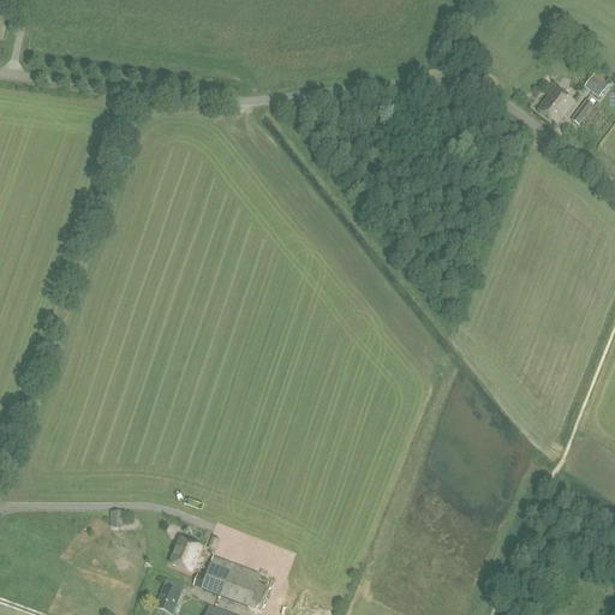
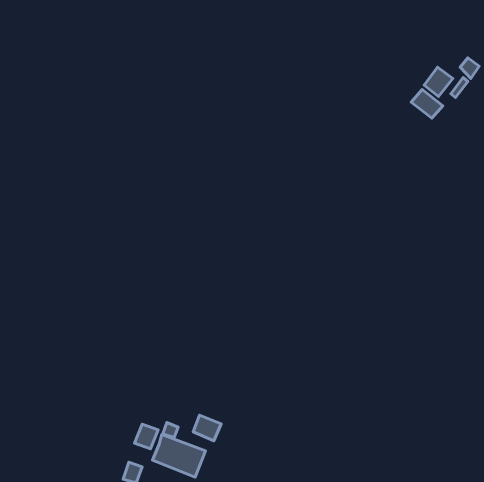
building: none -> [411,90,443,118]
building: none -> [193,415,221,441]

